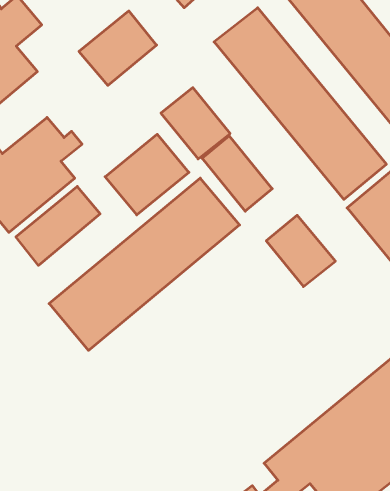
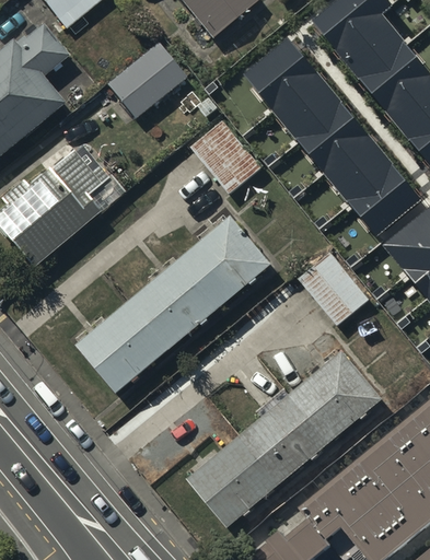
building: [105,134,189,215] -> none
building: [202,136,272,211] -> none
building: [16,186,100,265] -> none
building: none -> [187,349,382,526]

